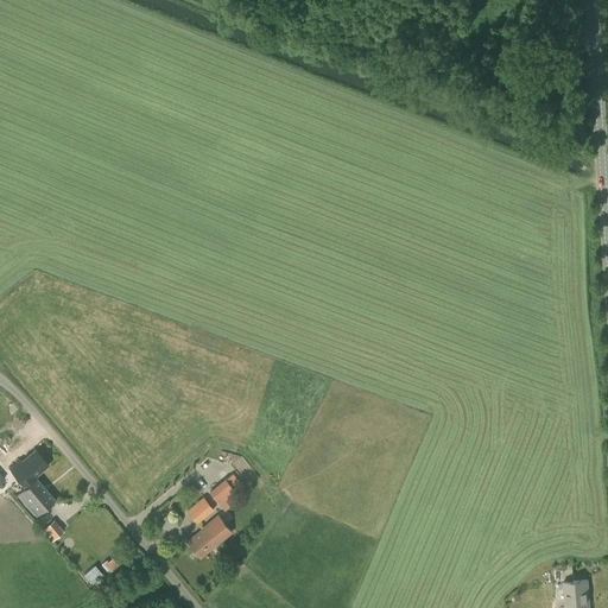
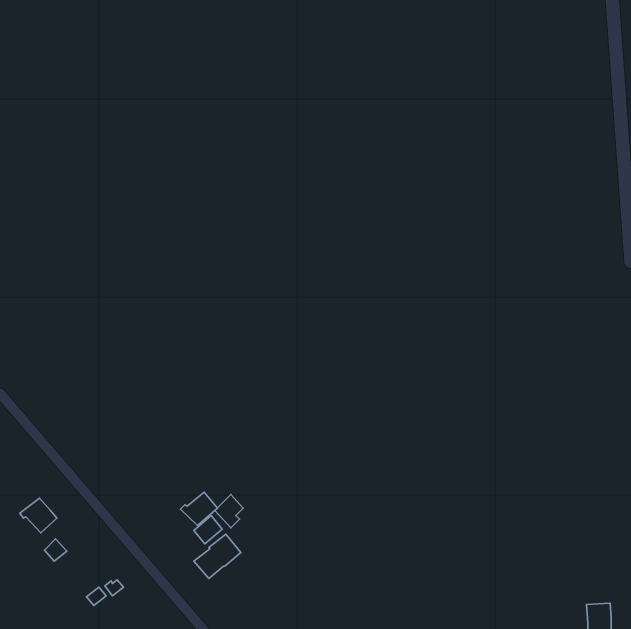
building: [10,451,49,495] -> none
building: none -> [181,492,217,526]

